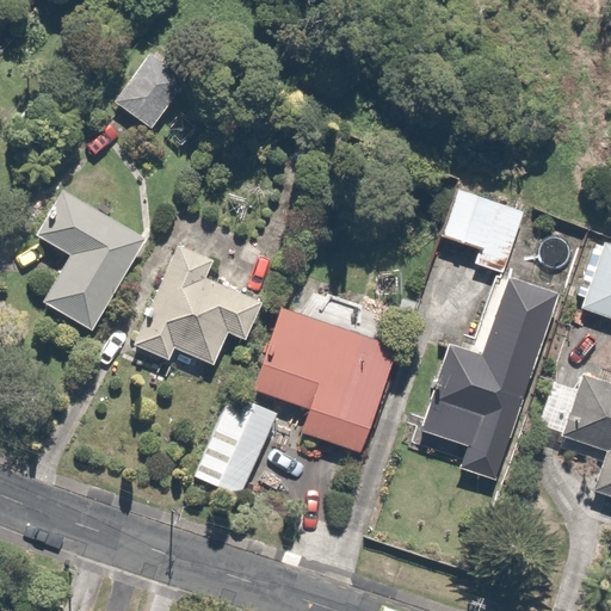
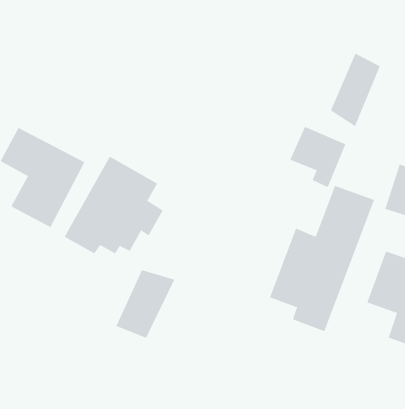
building: [106,50,191,137] -> none
building: none -> [330,53,380,127]
building: [252,309,402,456] -> none

